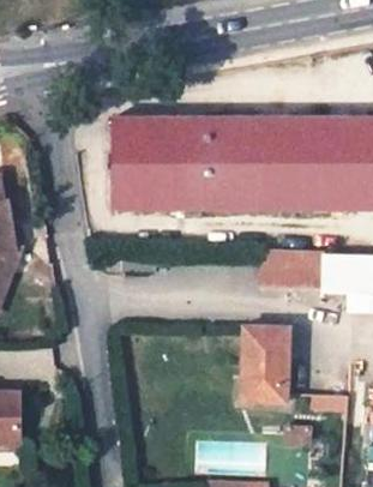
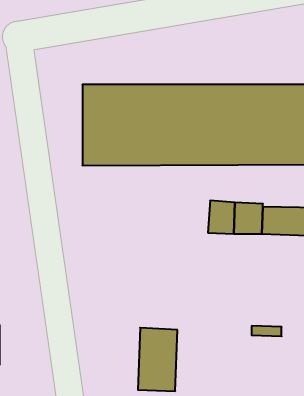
building: [242,326,288,399] -> [138,328,177,391]

